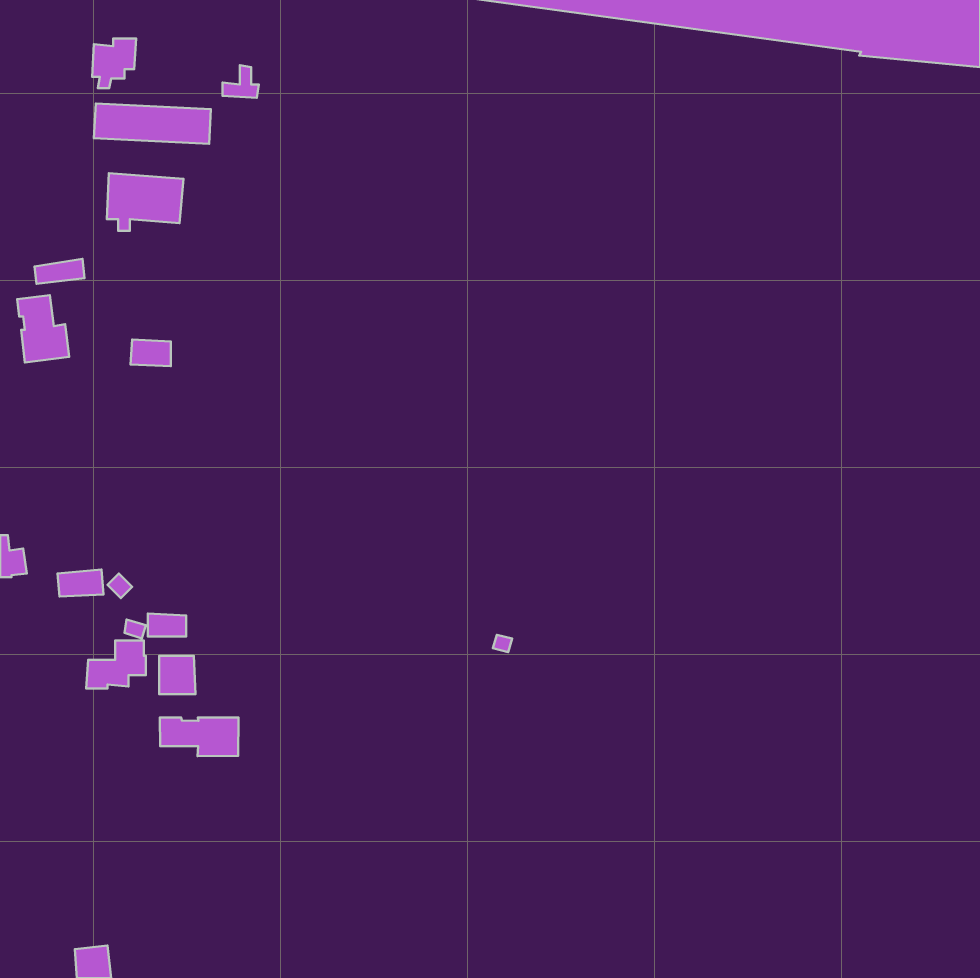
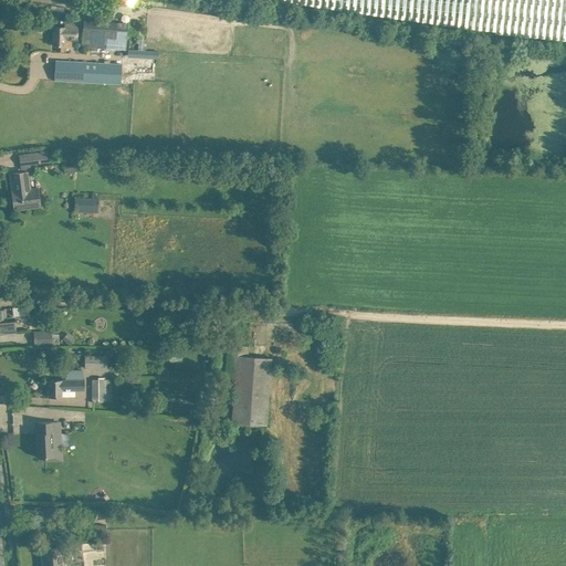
building: [107,173,183,231] -> [84,20,128,53]
building: none -> [224,344,271,424]
building: [160,717,238,756] -> none
building: none -> [29,420,57,457]

